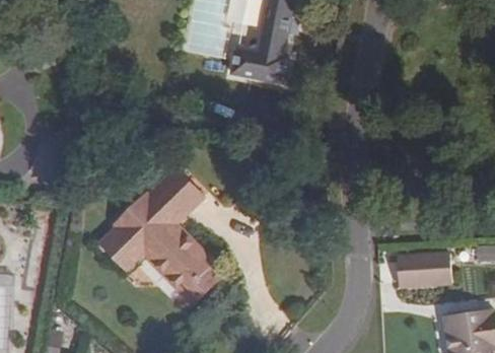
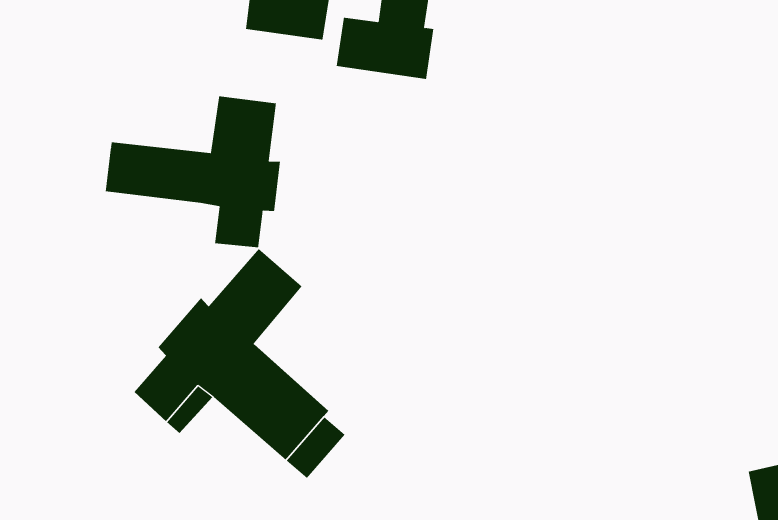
building: none -> [105,96,281,248]
building: [397,255,451,286] -> none

